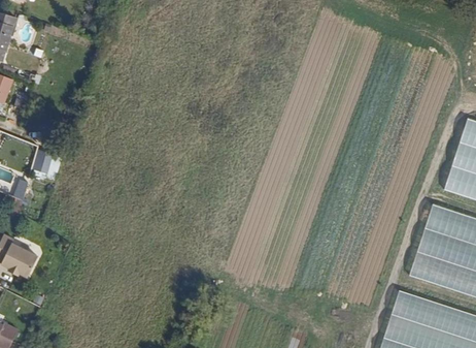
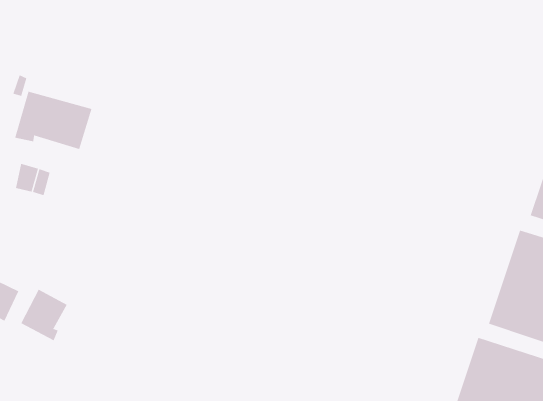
building: none -> [14,91,92,150]
building: none -> [21,289,68,341]

